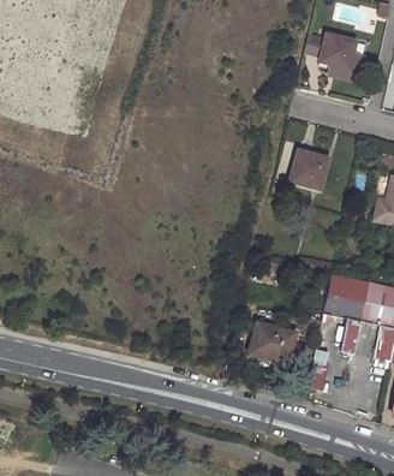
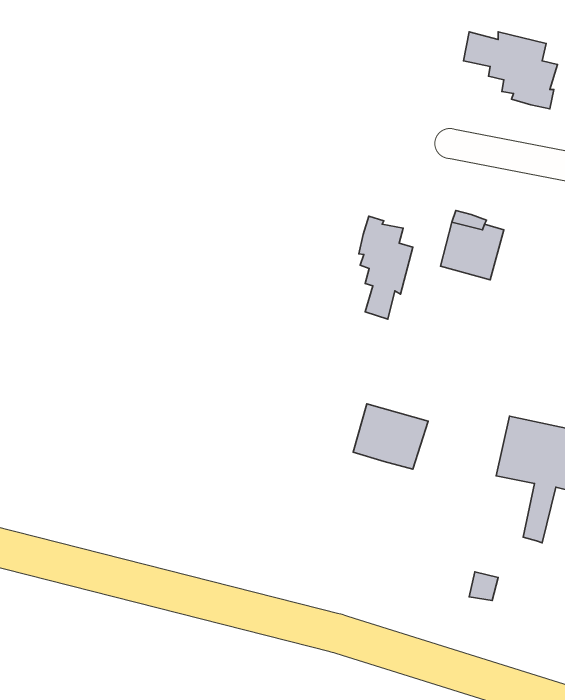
building: none -> [359,216,413,319]
building: [249,322,296,363] -> [353,404,428,469]

